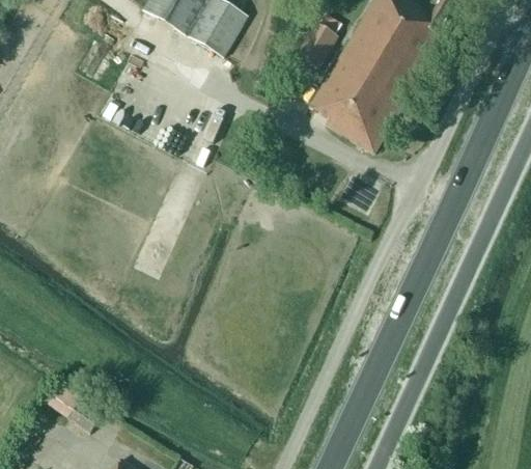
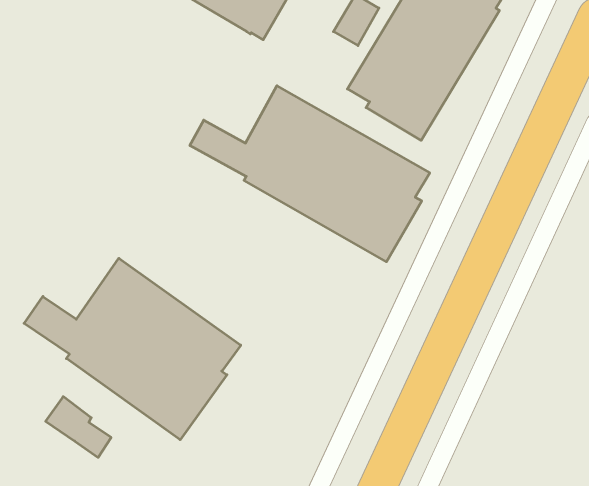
building: none -> [190,86,430,262]
building: none -> [24,258,241,440]

